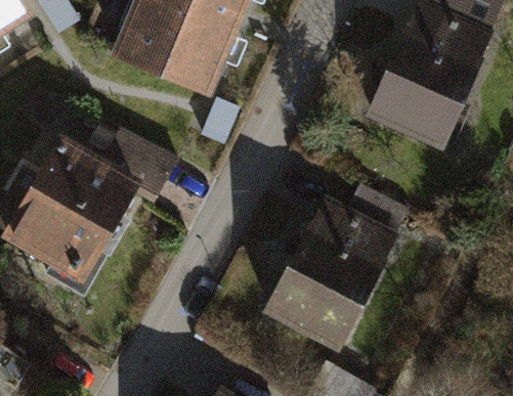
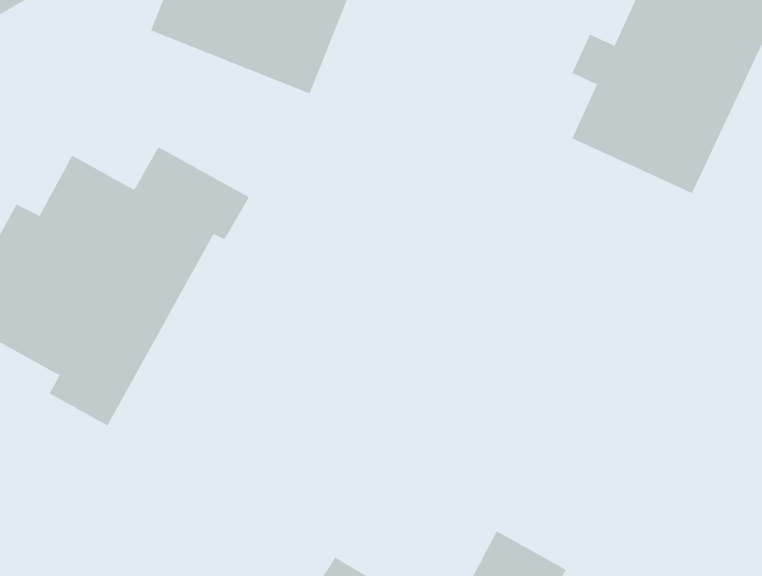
building: [261,178,409,346] -> none

